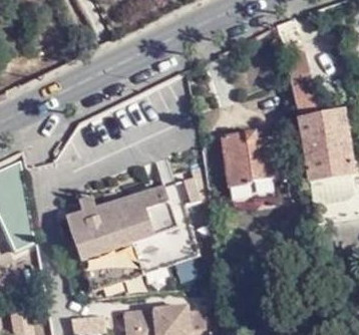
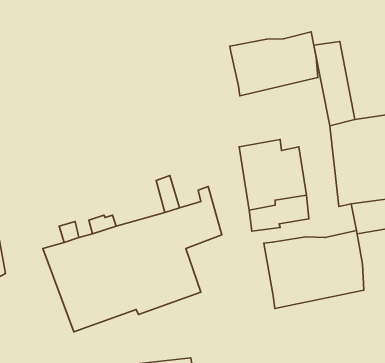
building: none -> [230,32,318,96]
building: none -> [264,230,364,309]

